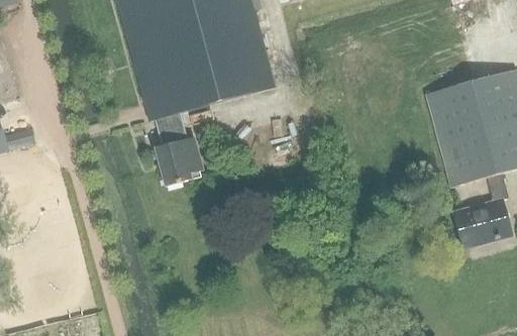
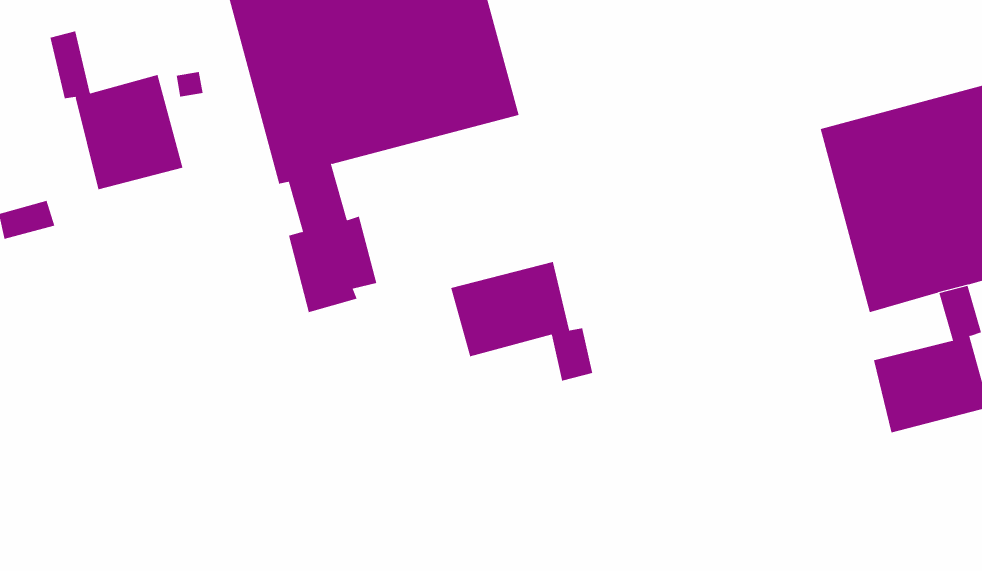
building: none -> [50,31,183,190]
building: none -> [451,261,593,381]

